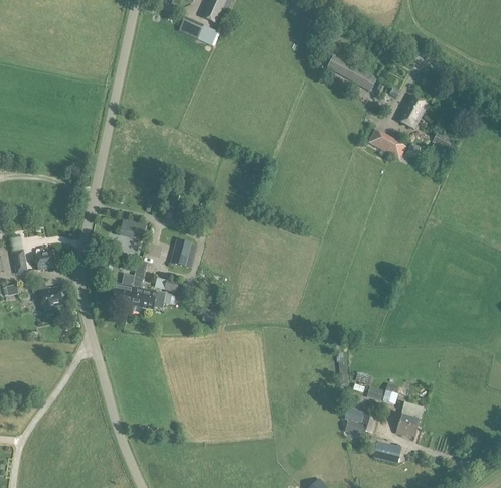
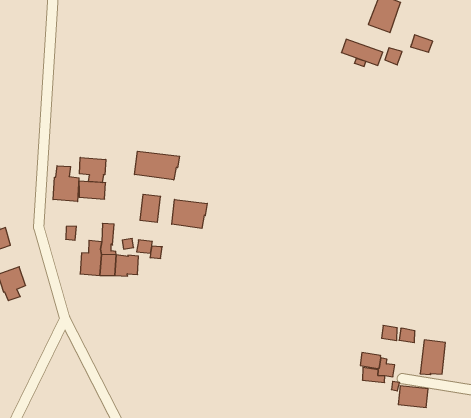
building: none -> [79,157,106,183]
building: none -> [135,151,180,180]
building: none -> [53,166,79,202]
building: none -> [172,199,207,228]

